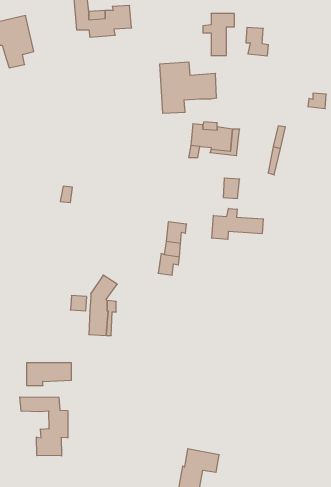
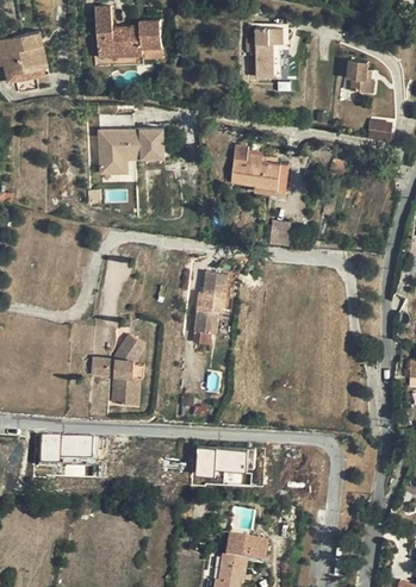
building: [246,27,268,56] -> [349,60,375,93]
building: [160,62,217,113] -> [100,110,167,169]
building: [212,208,263,239] -> none
building: none -> [194,450,244,479]
building: [20,397,68,456] -> none

